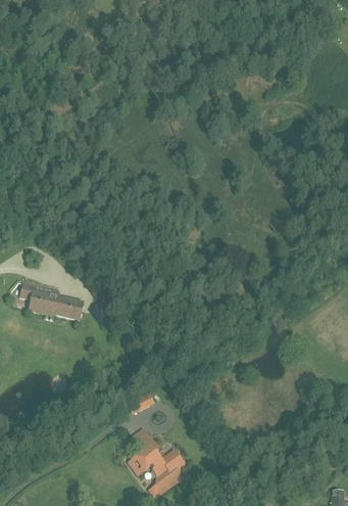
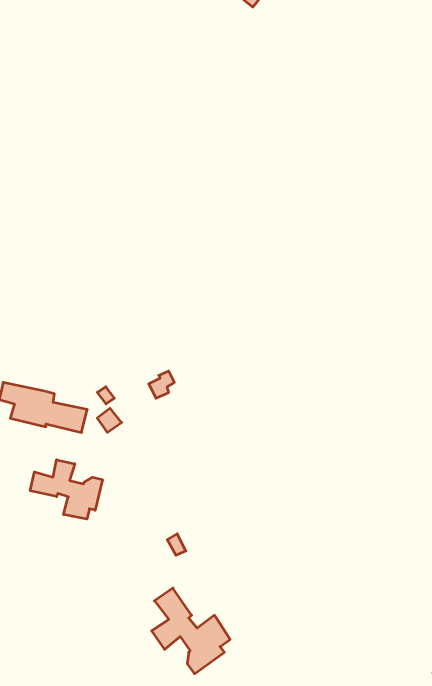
building: none -> [30,460,102,519]

